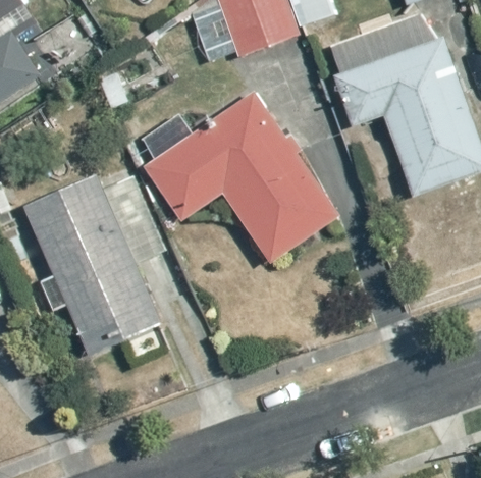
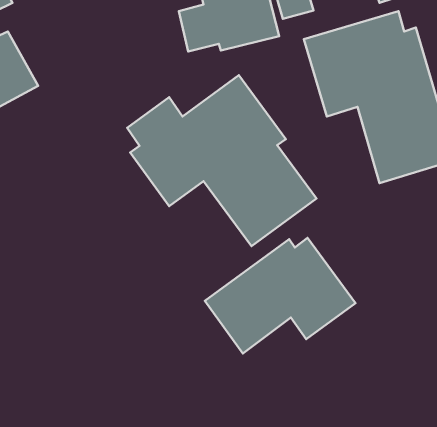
building: [26,167,164,356] -> none
building: none -> [205,238,355,353]

